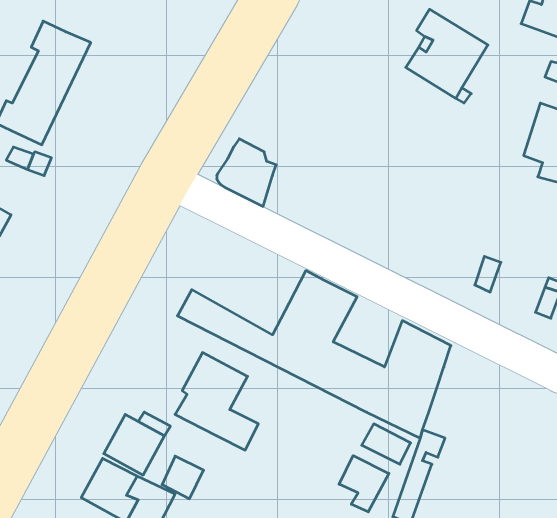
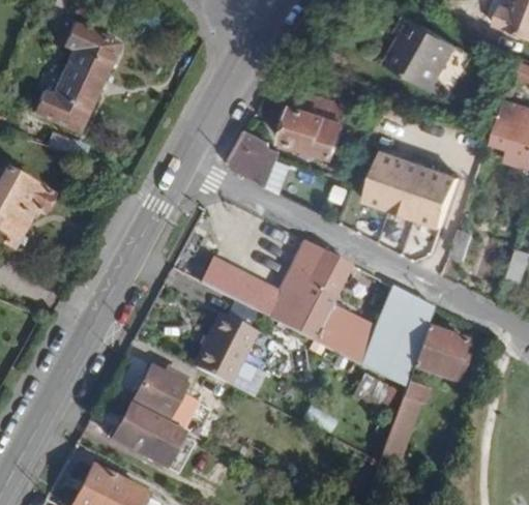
building: none -> [282,87,350,155]
building: none -> [365,149,462,228]
building: none -> [413,325,465,379]
building: [339,456,389,512] -> none

